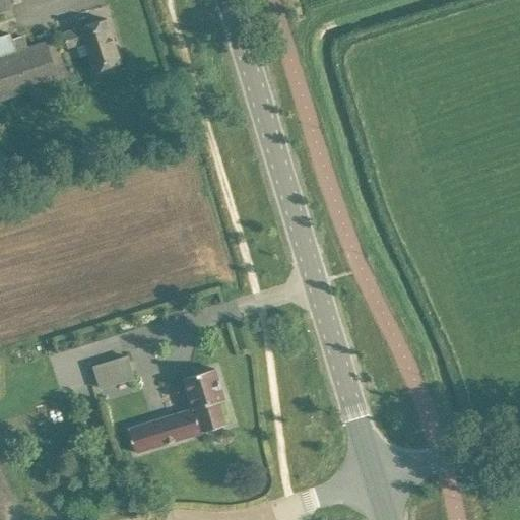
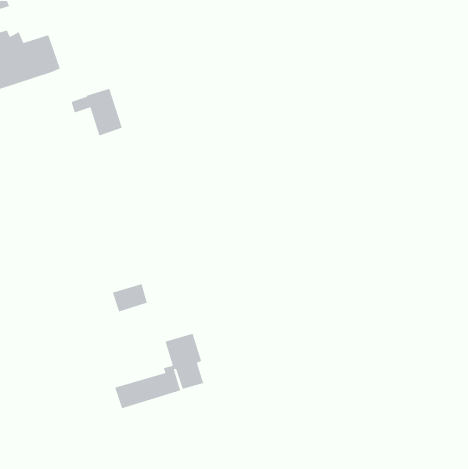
building: [62,19,120,73] -> [70,88,123,137]
building: [92,356,132,389] -> [112,283,148,312]

